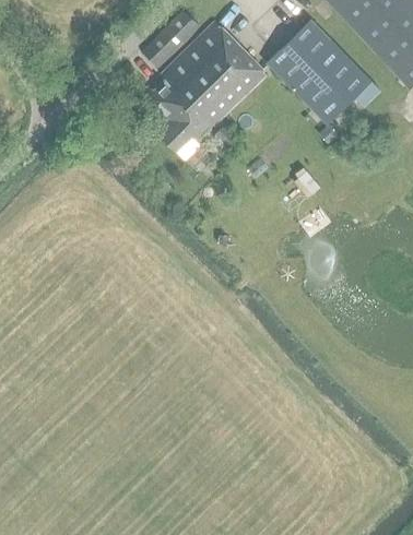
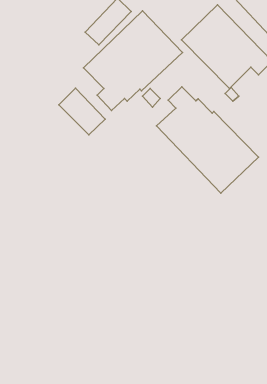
building: none -> [156,87,258,193]
building: none -> [59,88,105,135]

